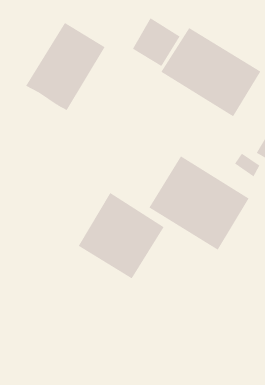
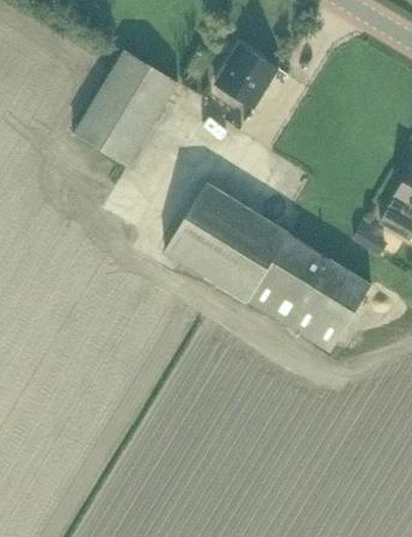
building: [161,27,261,117] -> none
building: [78,192,164,279] -> [164,179,279,295]

